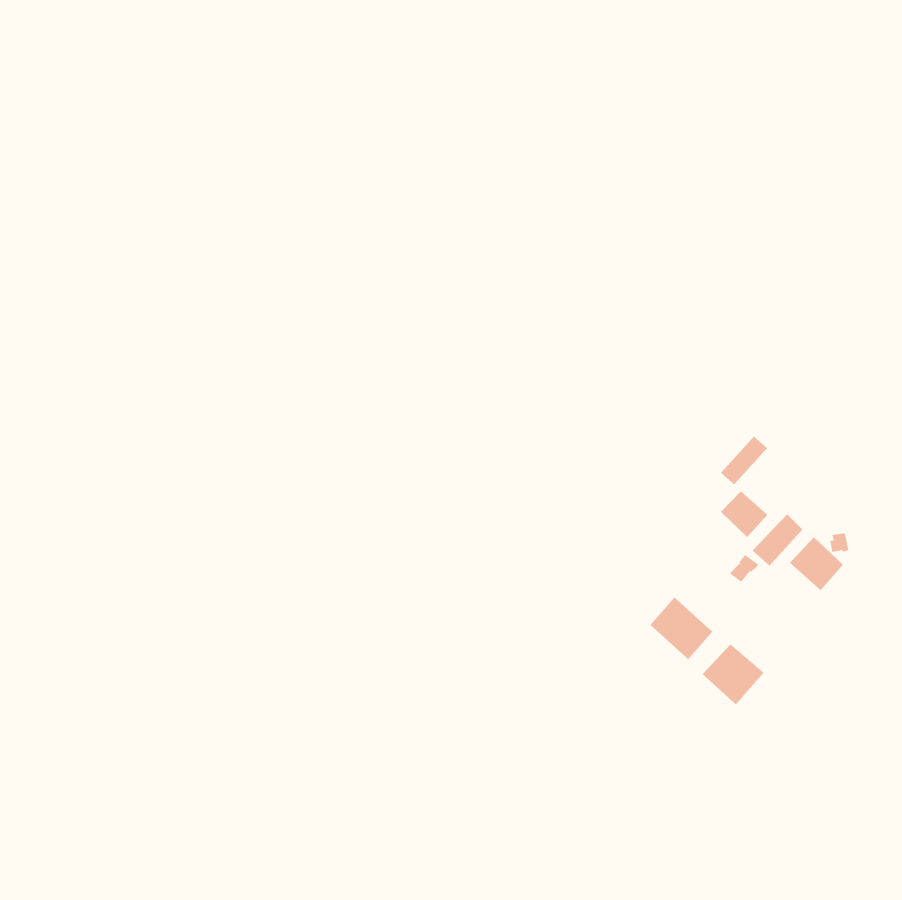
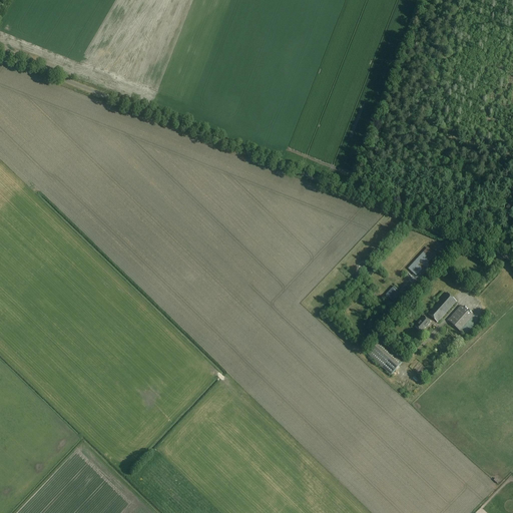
building: [720,490,768,538] -> none
building: [702,643,764,705] -> none

